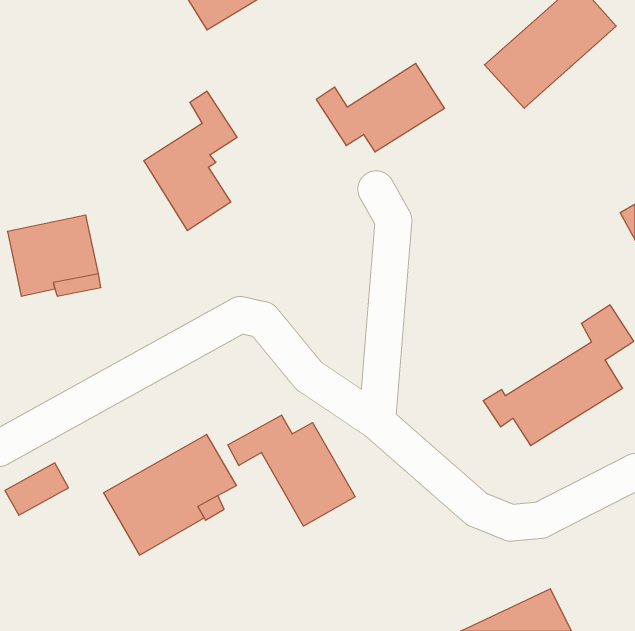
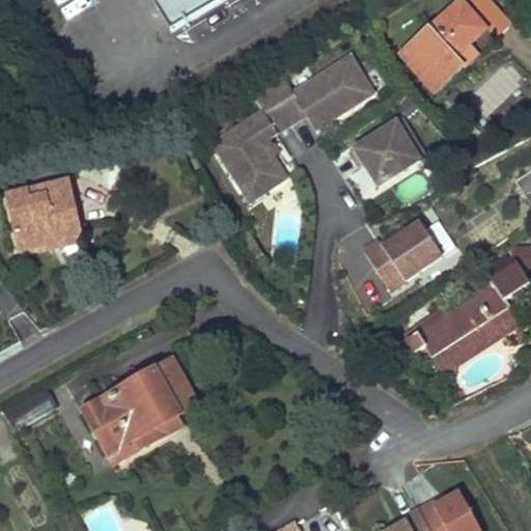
building: [144,91,237,231] -> [211,83,288,199]
building: none -> [348,115,419,184]
building: none -> [361,223,440,289]
building: [228,415,355,526] -> none

